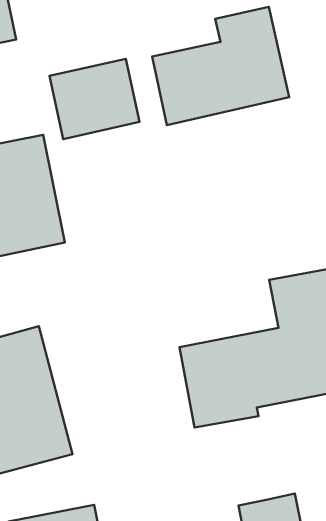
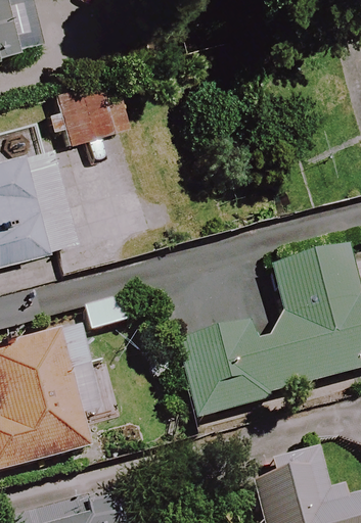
building: [152,7,289,125] -> none

